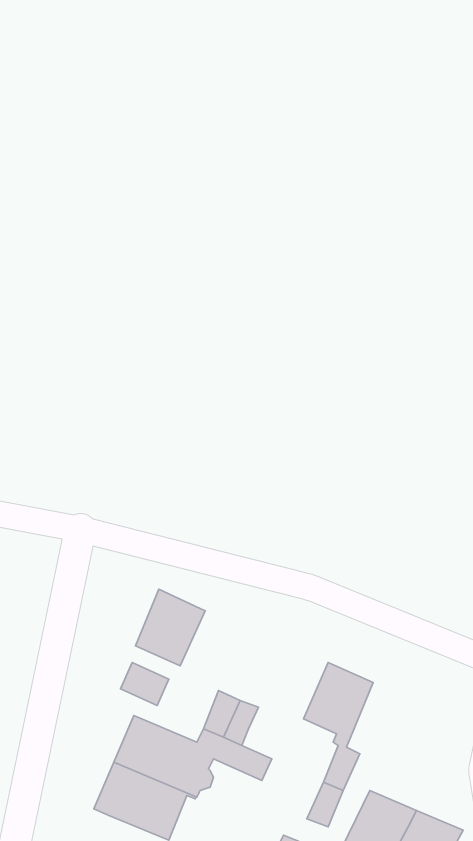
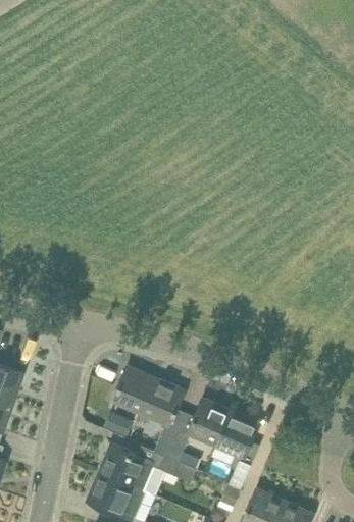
building: none -> [140,379,184,425]
building: none -> [187,399,231,446]

